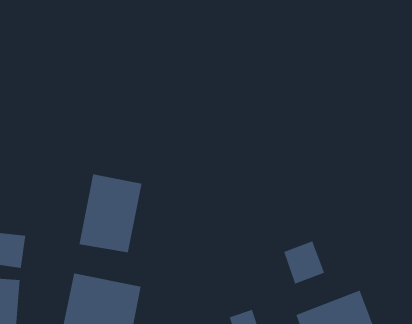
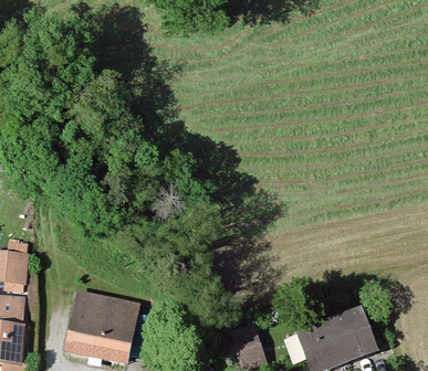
building: [79,174,142,253] -> none
building: [283,241,325,284] -> none

